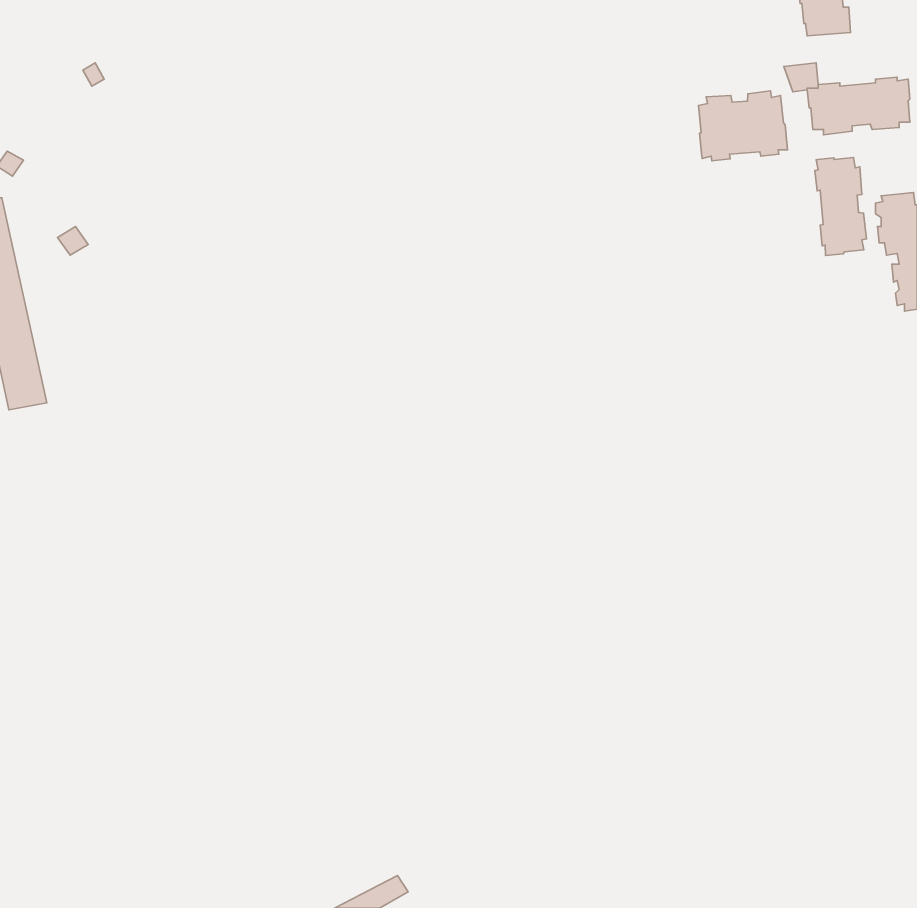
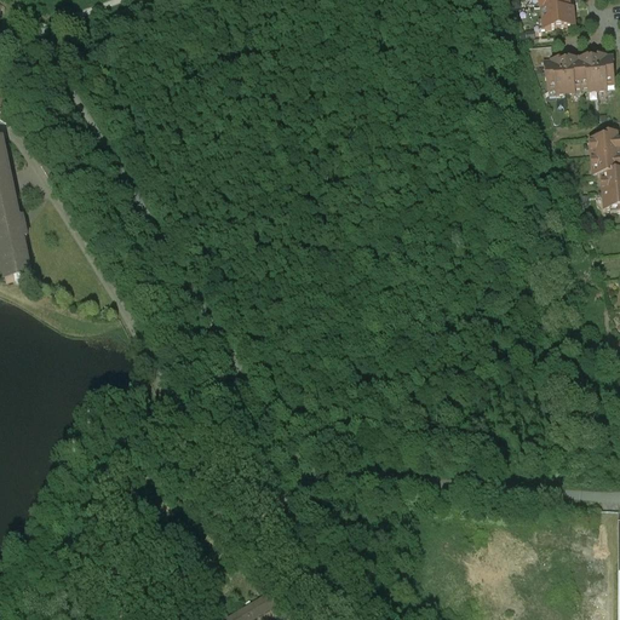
building: [698,91,788,161] -> none
building: [815,158,867,255] -> none

